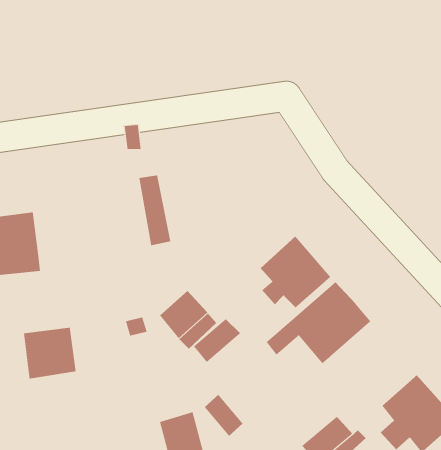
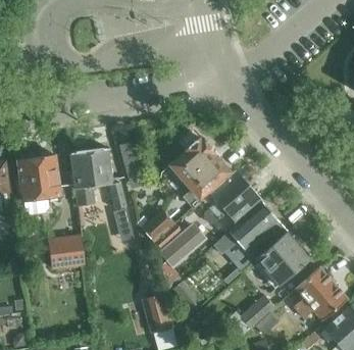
building: none -> [170,133,230,208]
building: none -> [69,148,124,209]
building: none -> [253,231,310,287]

